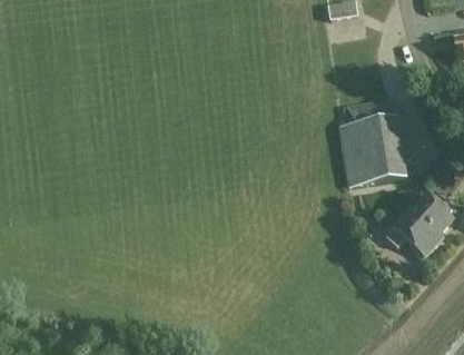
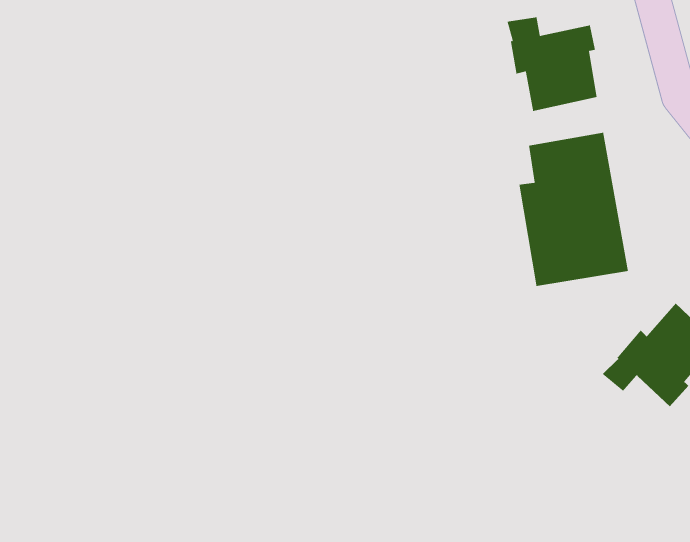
building: none -> [506,17,598,112]

